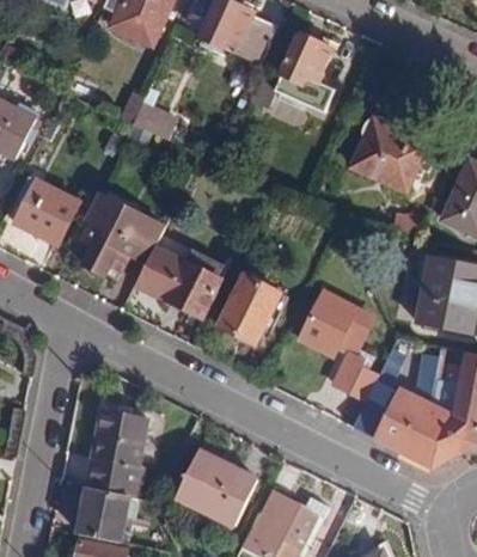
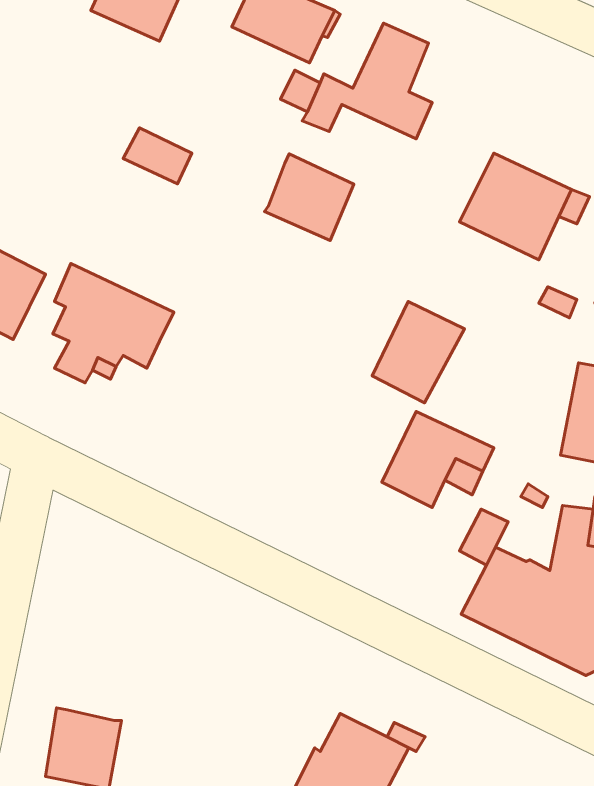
building: none -> [264,154,354,240]
building: [135,245,221,316] -> none
building: [220,276,281,343] -> [372,302,464,403]
building: [92,409,142,496] -> none
building: [176,451,257,526] -> none

